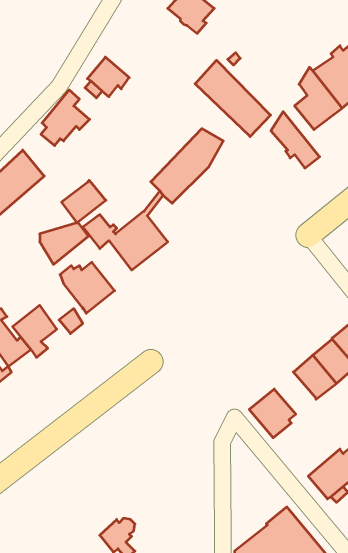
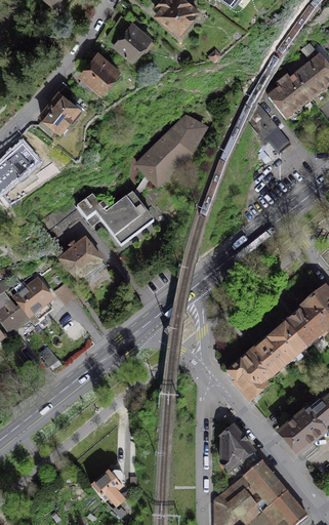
building: none -> [106,13,153,58]
building: [195,60,271,137] -> none
building: [62,180,106,223] -> none
building: none -> [250,337,287,375]
building: none -> [221,426,261,470]

